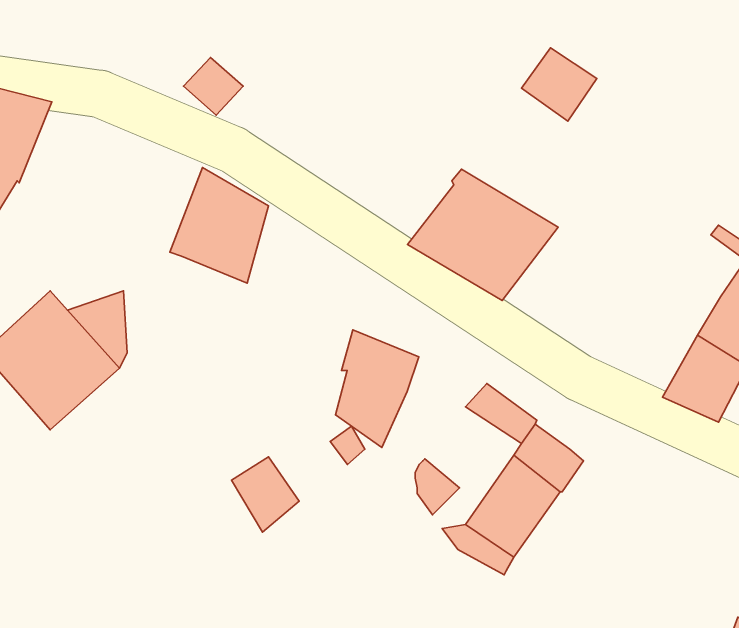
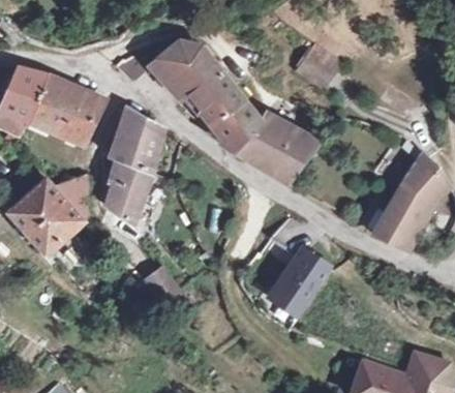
building: none -> [149,41,262,153]
building: none -> [29,77,104,144]
building: [336,330,419,448] -> [107,159,151,222]

